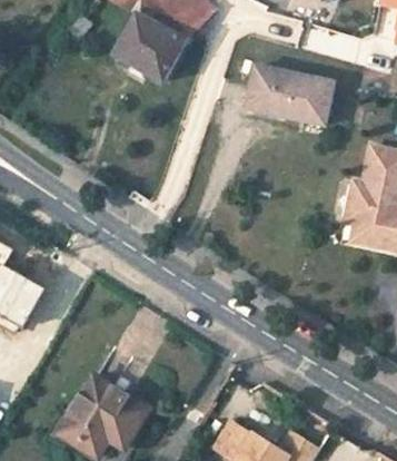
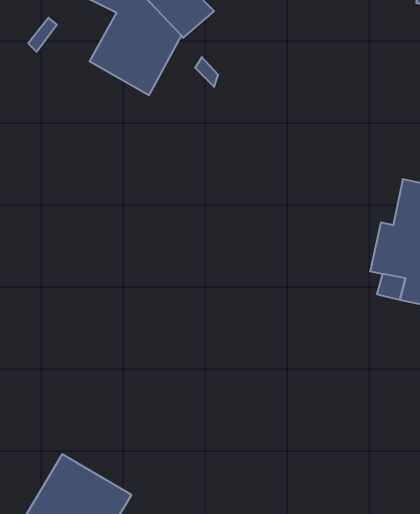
building: [245,66,331,124] -> none

